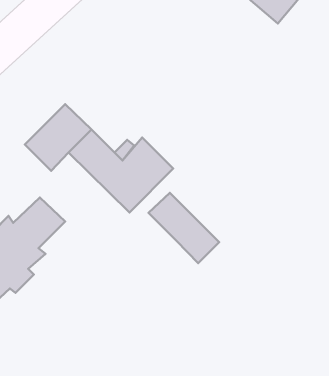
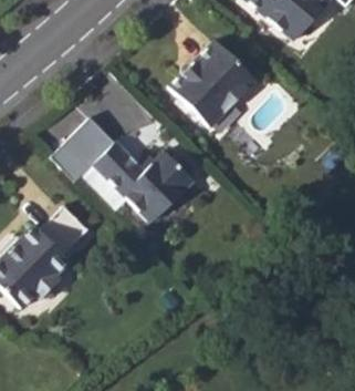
building: none -> [171,41,257,127]
building: [148,193,219,263] -> none

